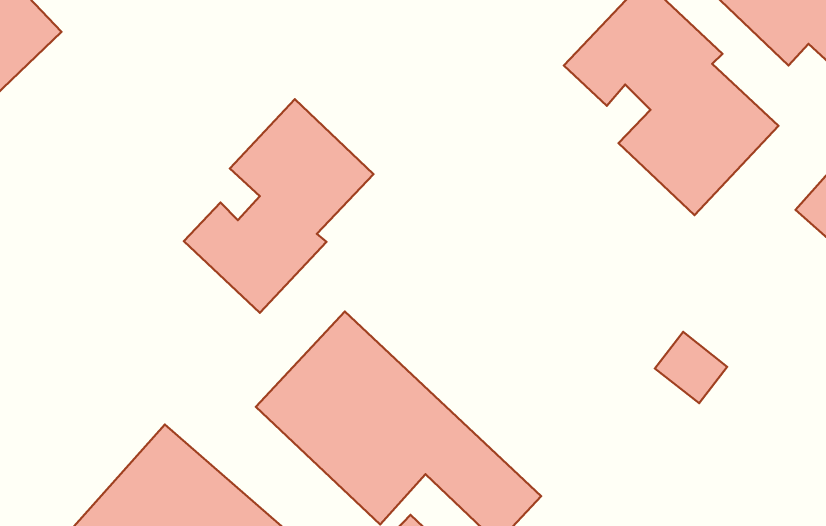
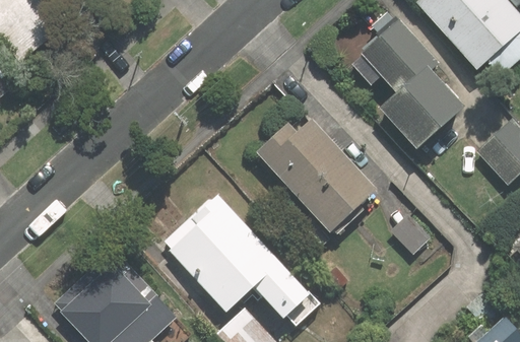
building: [184,99,374,313] -> none
building: none -> [255,119,377,232]

